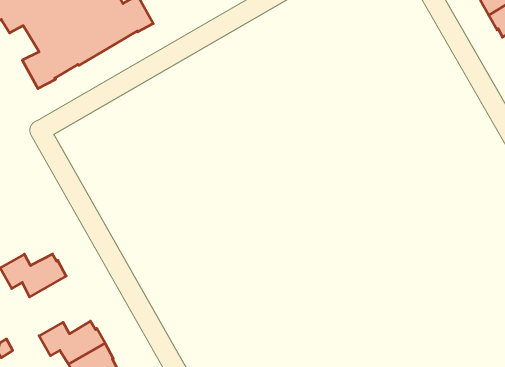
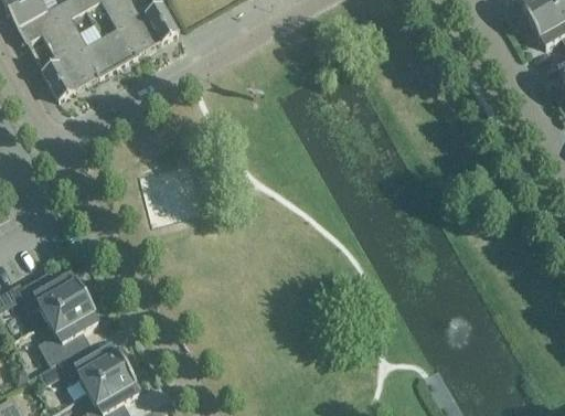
building: none -> [39,298,99,365]

